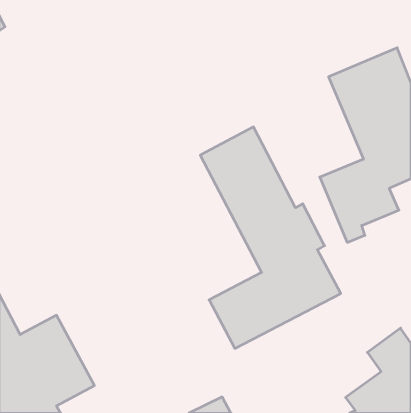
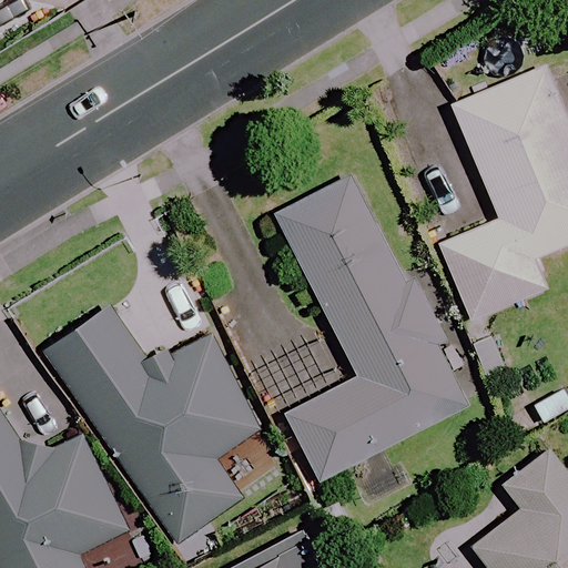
building: none -> [50,310,266,545]

